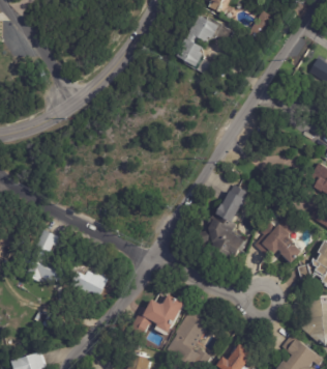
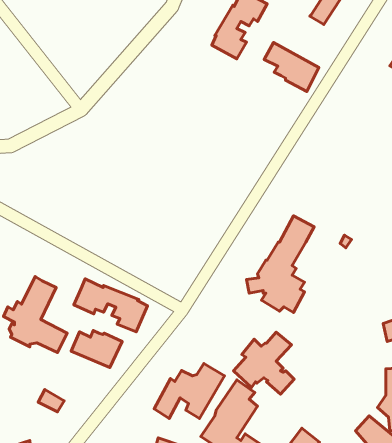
building: none -> [264,42,319,91]
building: [254,217,299,263] -> [233,332,294,394]
building: none -> [74,279,147,332]

